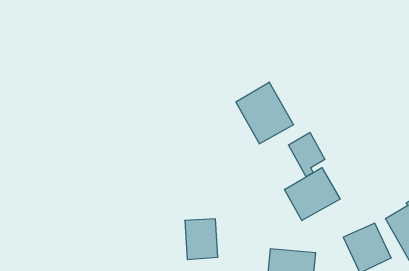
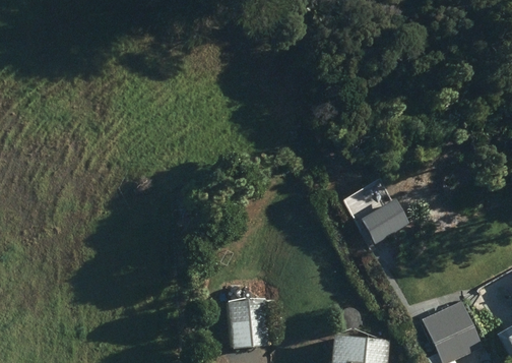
building: [236,82,294,144] -> none
building: [284,167,340,221] -> none

